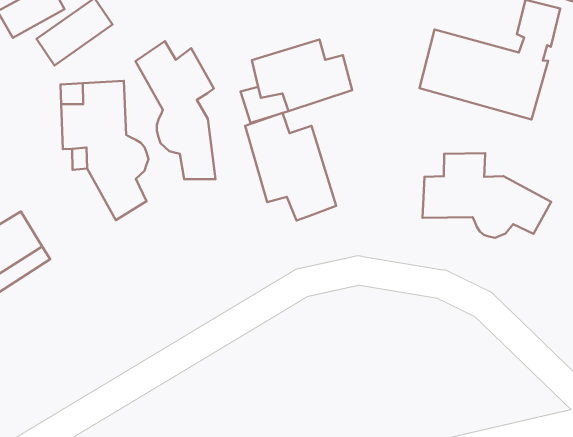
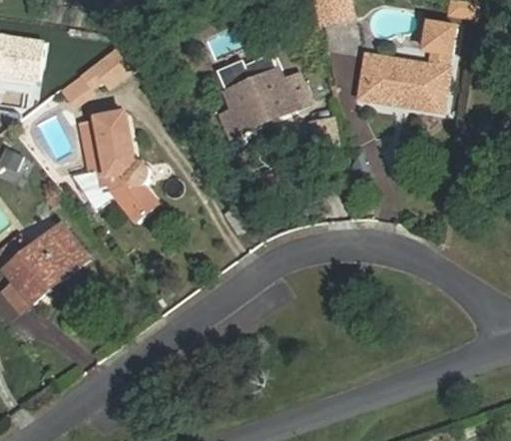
building: [136,41,215,179] -> none
building: [245,113,336,221] -> none
building: [423,153,551,238] -> none

